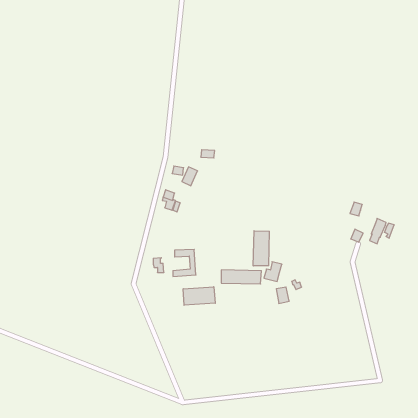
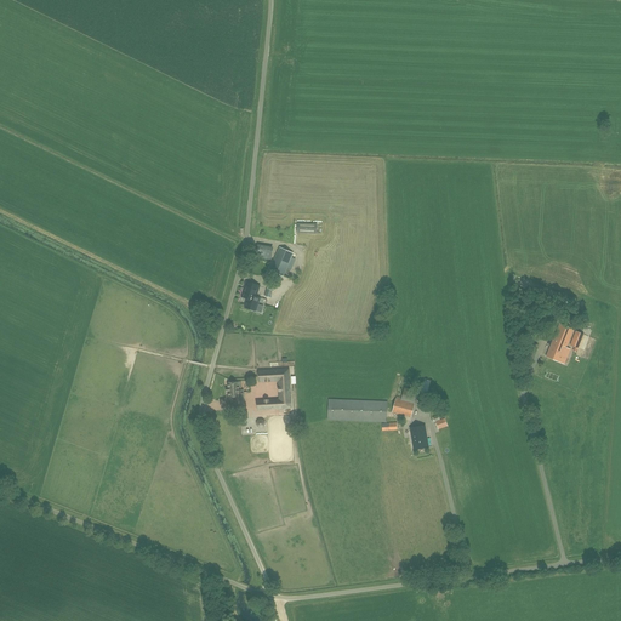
building: [253,231,269,266] -> none
building: [183,287,215,305] -> none

